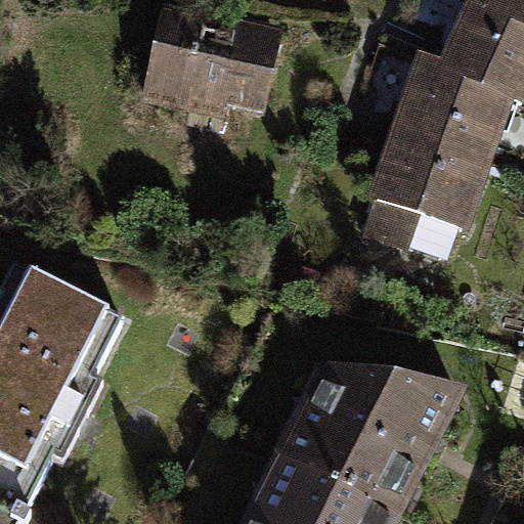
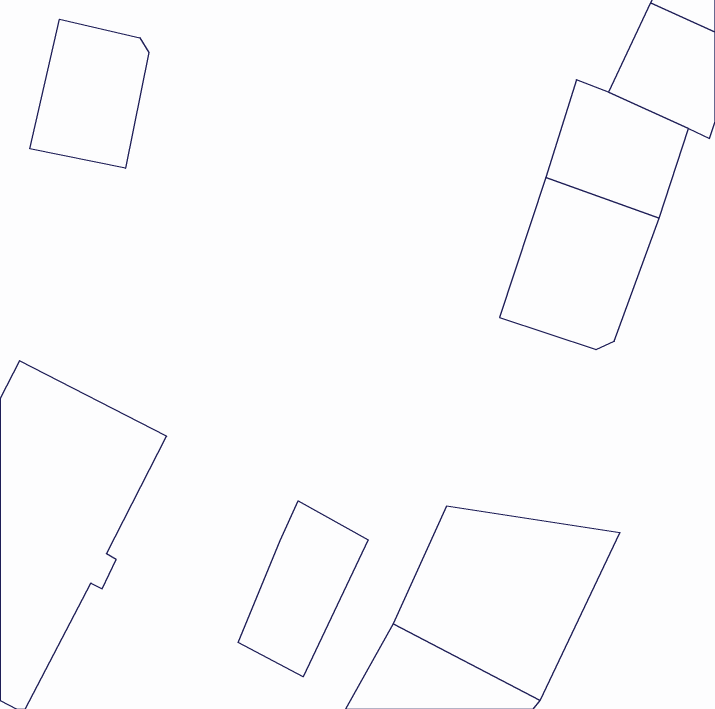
building: [142,11,280,111] -> none
building: none -> [30,19,149,168]
building: none -> [238,501,368,677]

